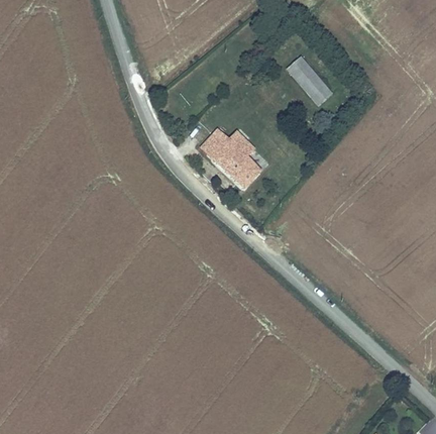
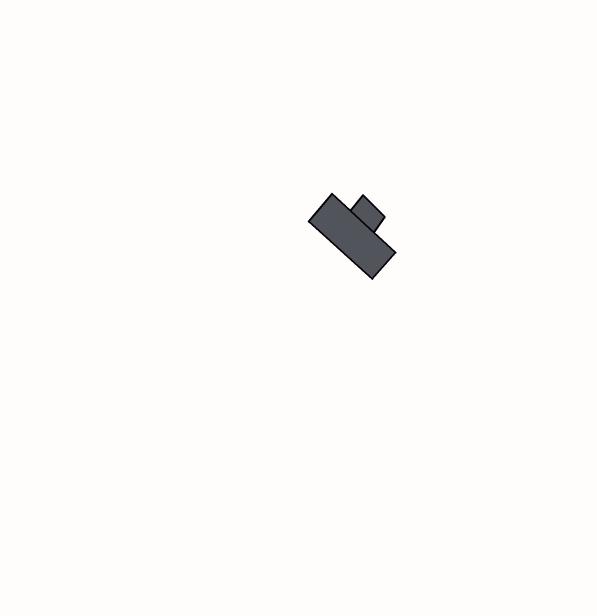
building: [292,58,336,109] -> none

